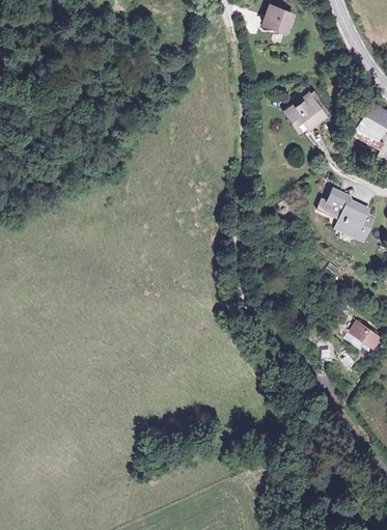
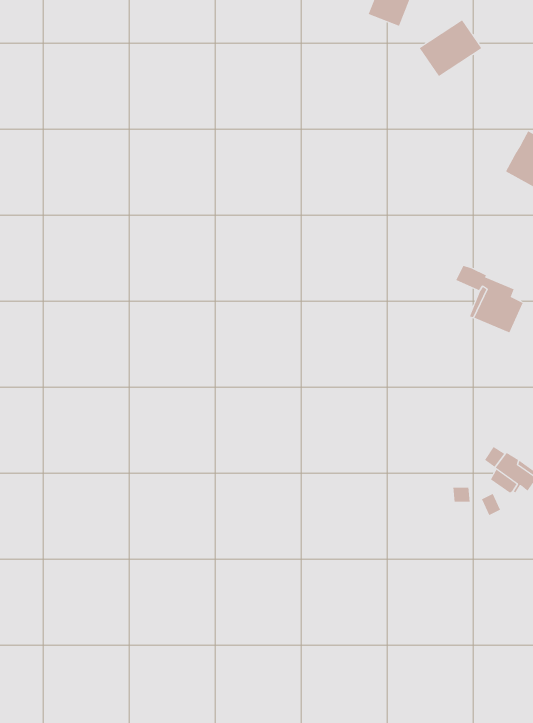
building: [285,90,329,130] -> [419,20,482,77]

